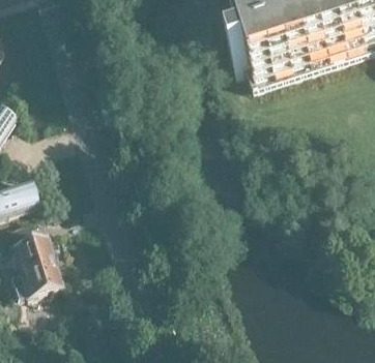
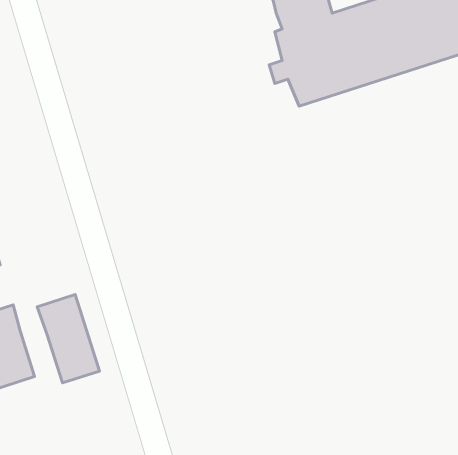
building: none -> [37,295,100,383]

